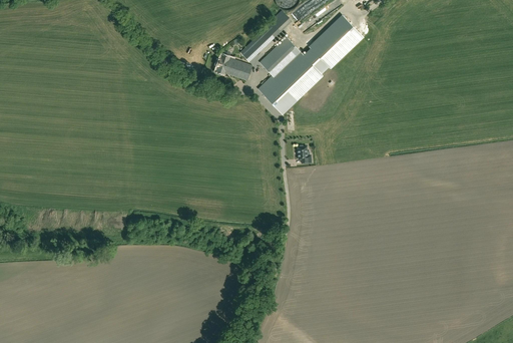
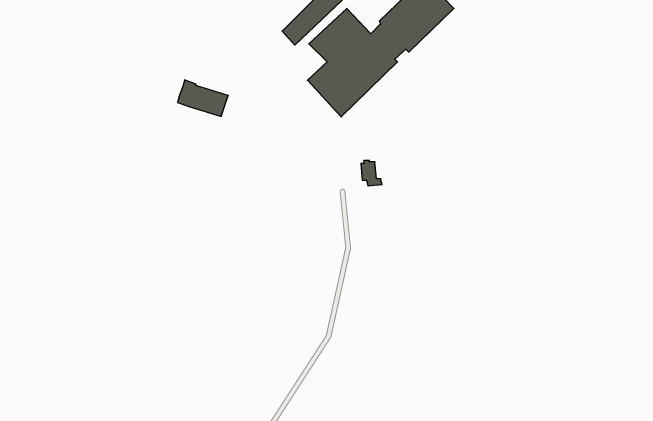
building: [216,54,252,80] -> [178,80,228,116]

